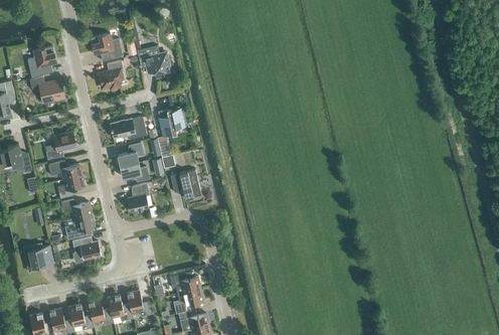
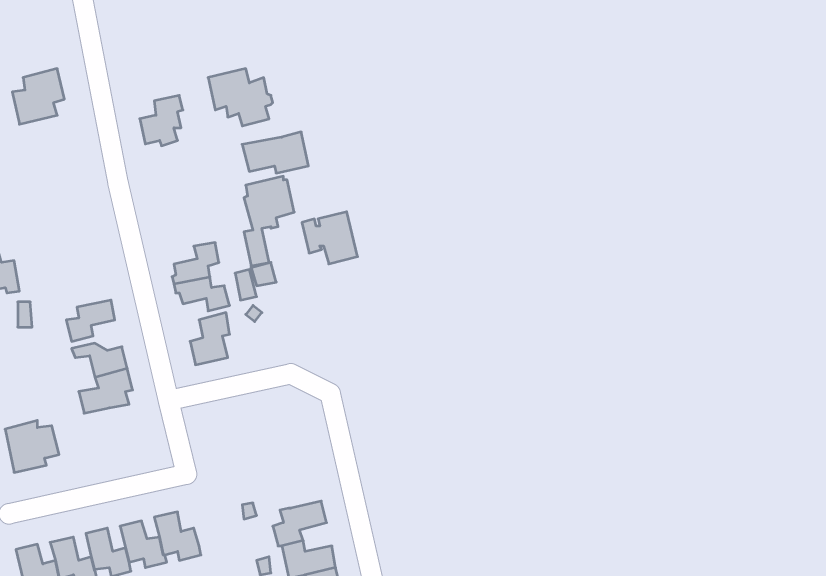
building: [90,32,123,60] -> none
building: [29,76,64,103] -> none
building: [110,116,147,139] -> [242,132,308,173]
building: [46,132,75,159] -> none
building: [47,161,82,179] -> none
building: [170,169,201,198] -> [302,212,358,264]
building: [72,236,102,260] -> none
building: [169,271,200,293] -> none
building: [127,290,152,316] -> none

